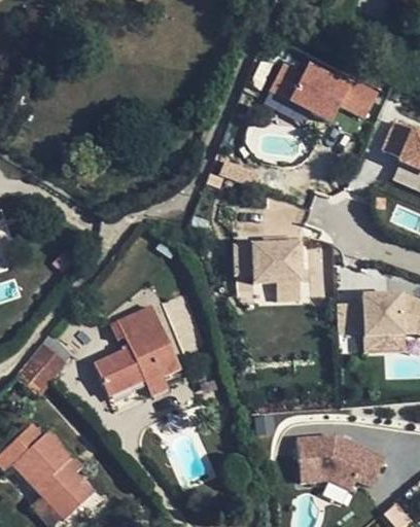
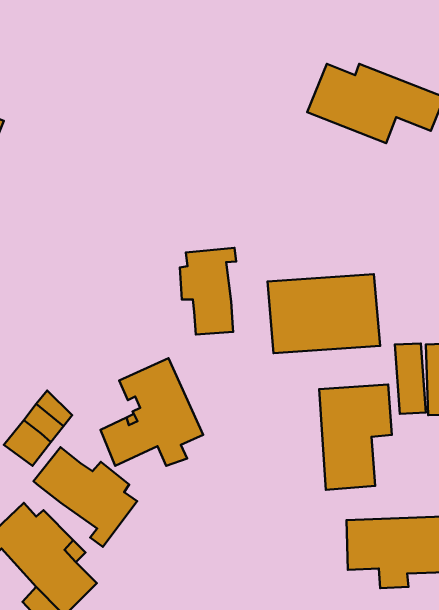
building: none -> [180,248,236,335]
building: none -> [319,384,392,490]
building: none -> [33,447,137,547]

